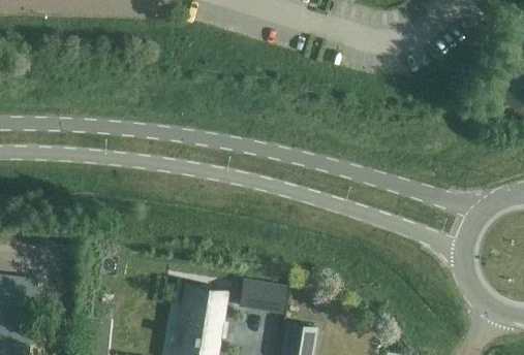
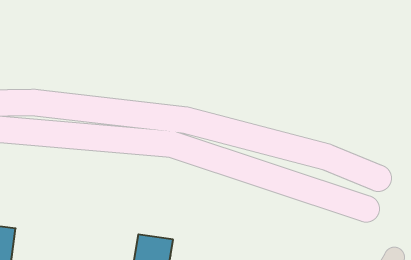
building: [239,281,283,313] -> none

